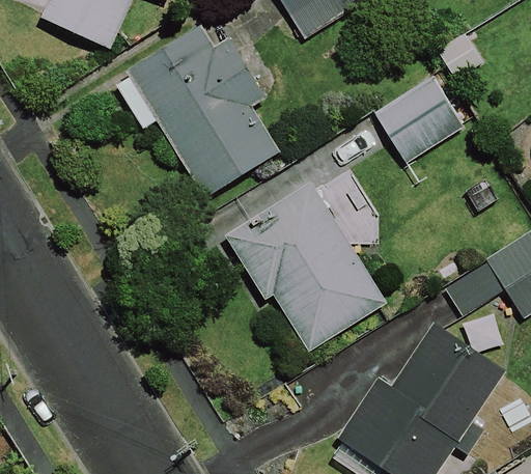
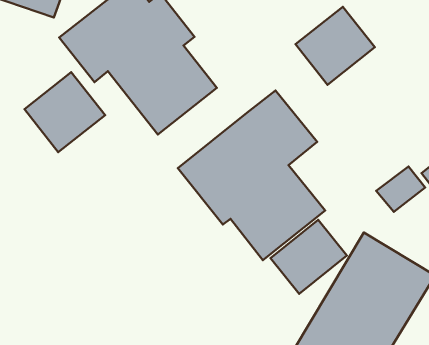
building: none -> [24,72,105,152]
building: none -> [271,220,347,294]

